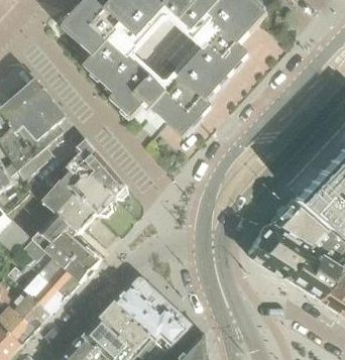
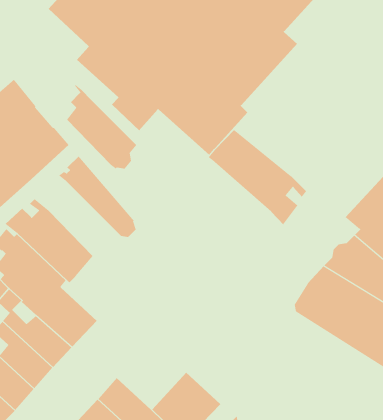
building: none -> [208,129,307,225]
building: [63,152,116,216] -> [66,85,137,169]
building: [113,277,165,328] -> none

